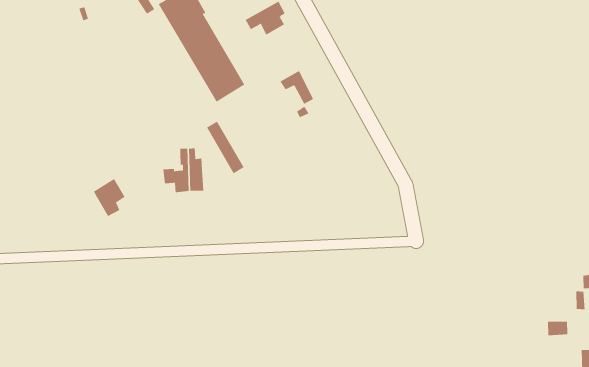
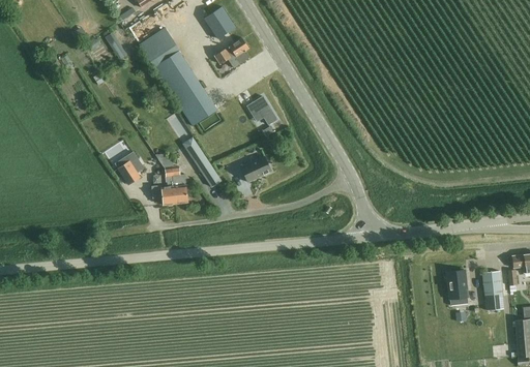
building: none -> [240,156,270,182]
building: [93,178,126,217] -> [115,150,143,183]
building: none -> [446,269,467,304]
building: none -> [482,269,502,297]

